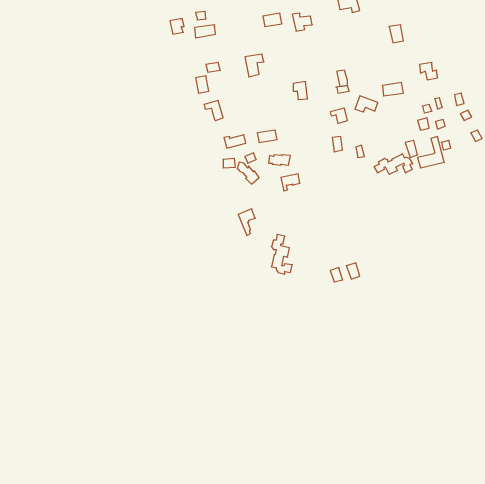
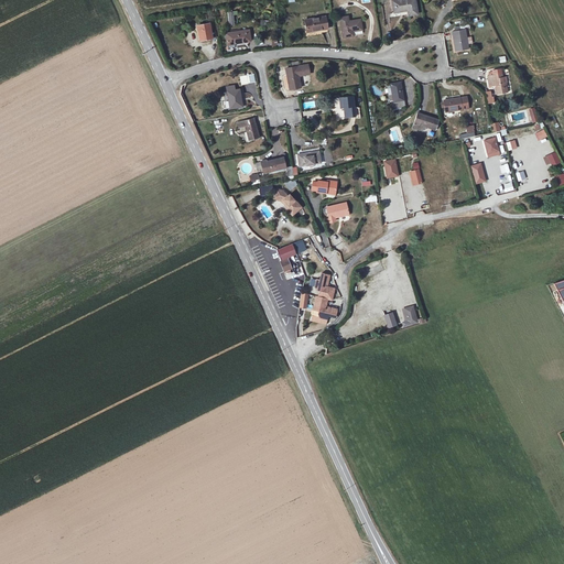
building: [374,154,413,174] -> none

